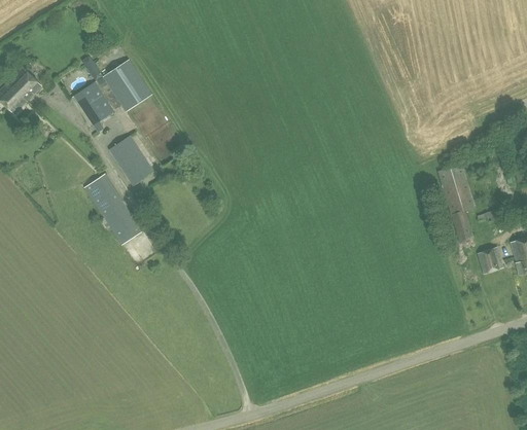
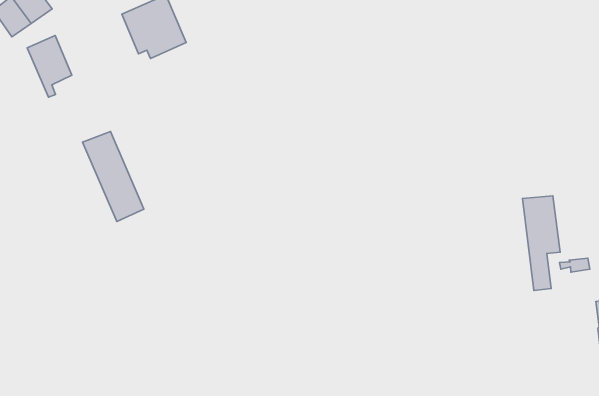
building: [74,81,113,131] -> [27,36,72,97]
building: [109,132,154,184] -> none
building: [478,246,503,273] -> none

